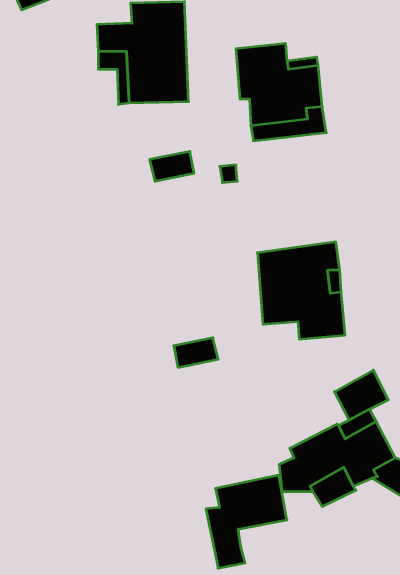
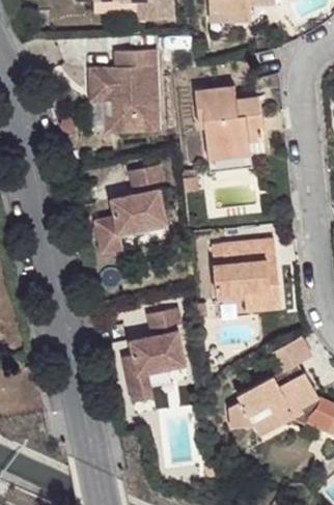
building: none -> [95,191,167,255]
building: [206,475,287,568] -> [123,332,186,403]

